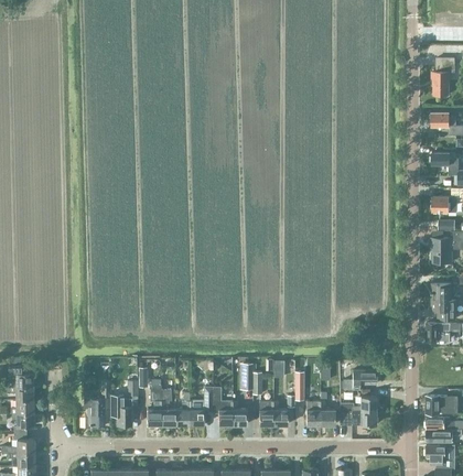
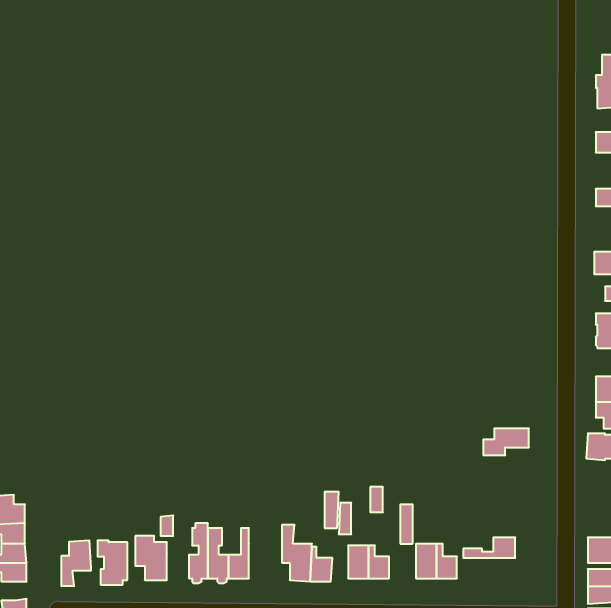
building: [344,370,376,389] -> [483,428,529,455]
building: [190,387,213,424] -> none
building: none -> [62,540,91,586]
building: [340,410,376,425] -> none

